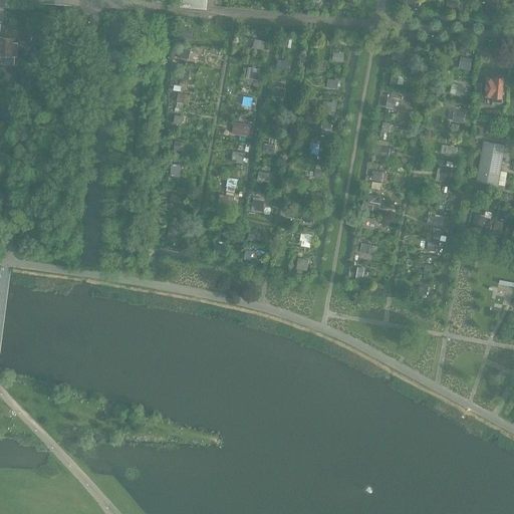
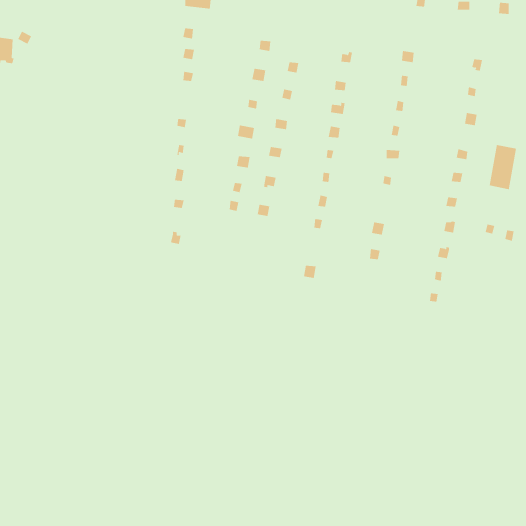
building: [484,75,503,101] -> none

